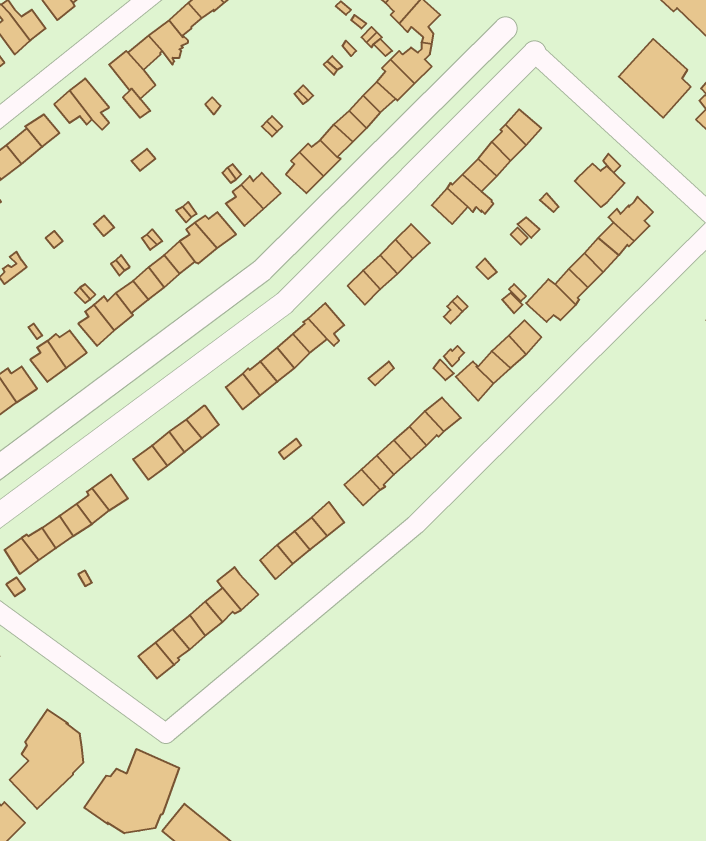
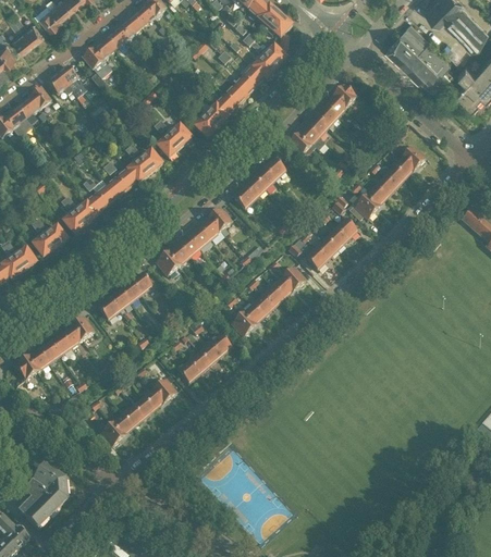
building: none -> [388,22,429,64]
building: [575,164,625,207] -> none
building: [84,749,179,833] -> none

